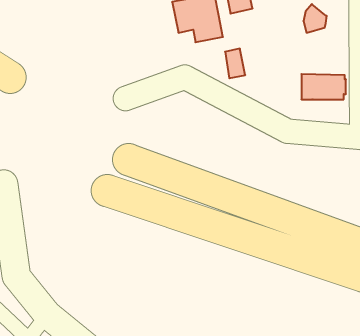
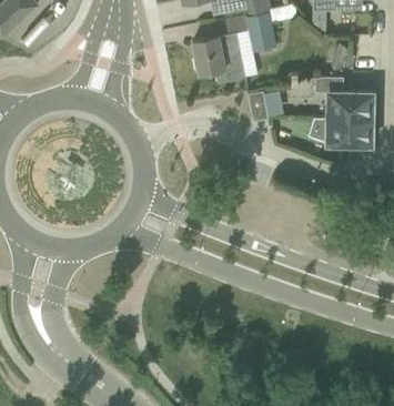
building: none -> [314,75,375,116]

